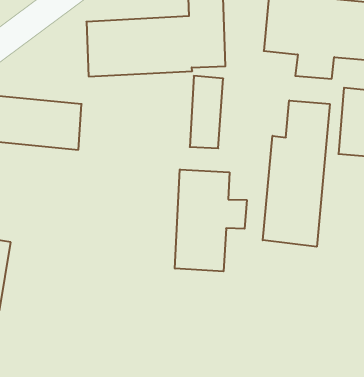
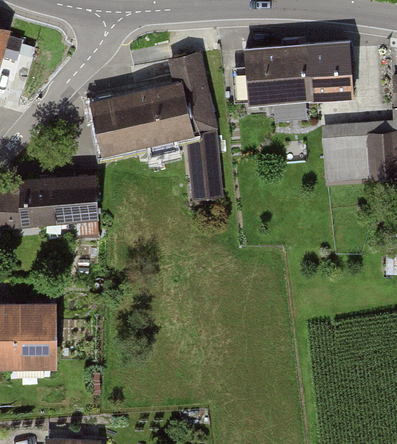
building: [263,100,330,247] -> none
building: [175,169,247,271] -> none

